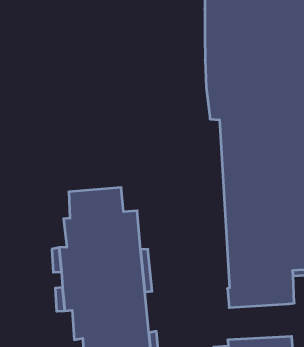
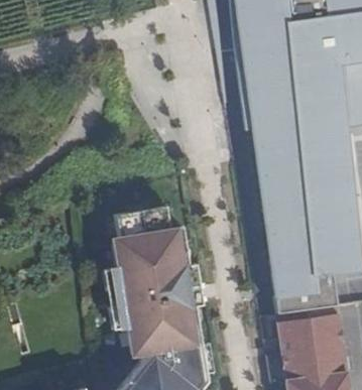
building: none -> [275,304,341,344]

